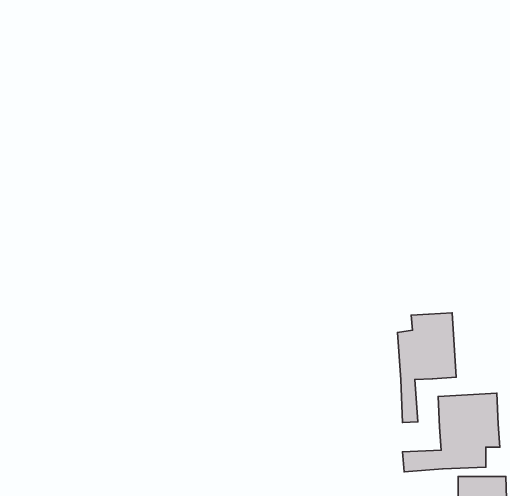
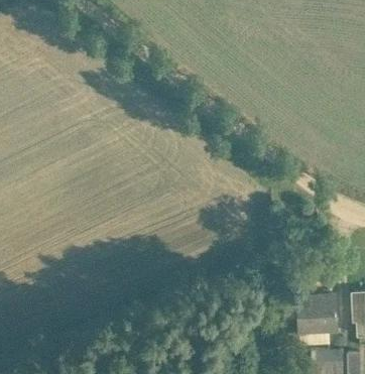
building: [397,313,456,422] -> none

